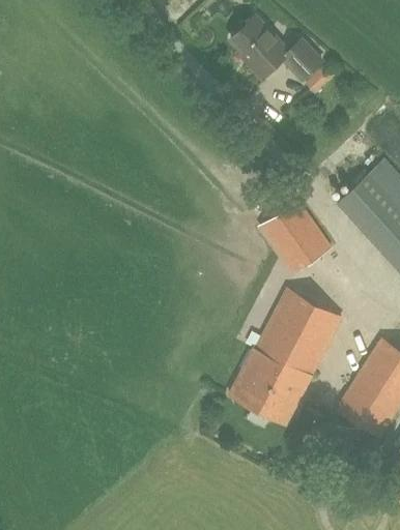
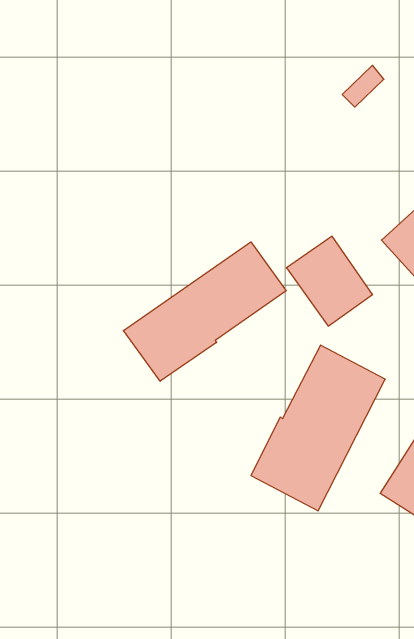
building: [230,14,323,80] -> none
building: none -> [123,242,286,381]

